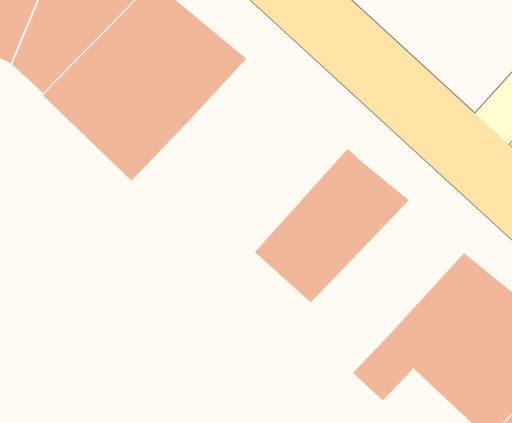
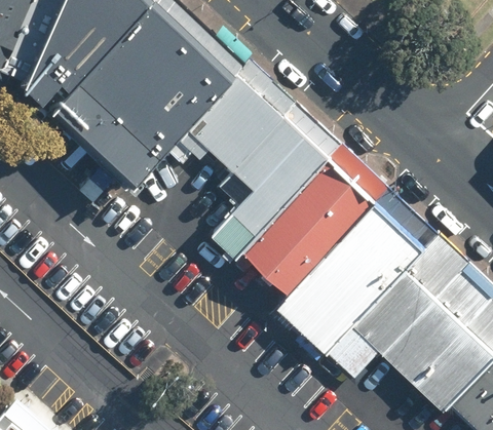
building: none -> [190,79,325,255]
building: none -> [278,202,426,352]

